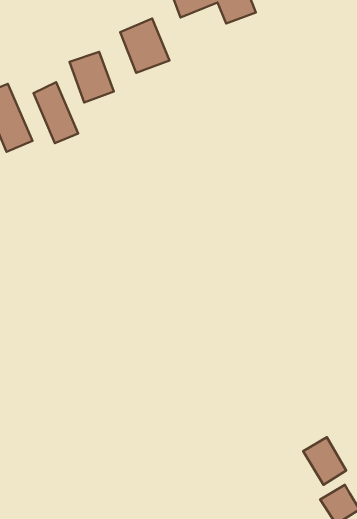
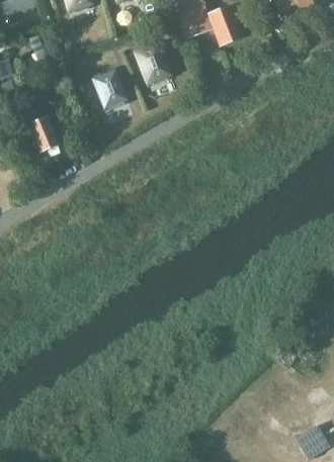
building: [34,82,78,143] -> none
building: [303,437,346,485] -> none

